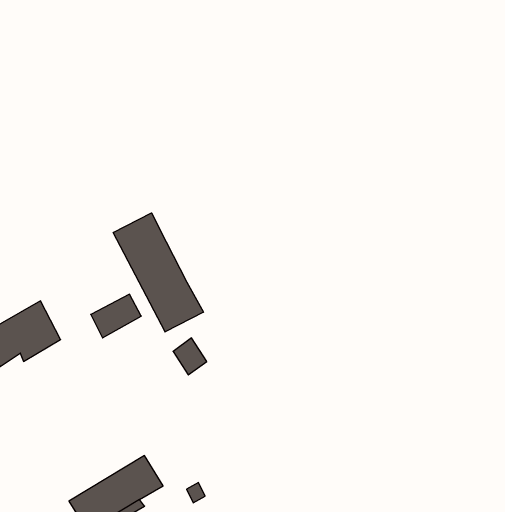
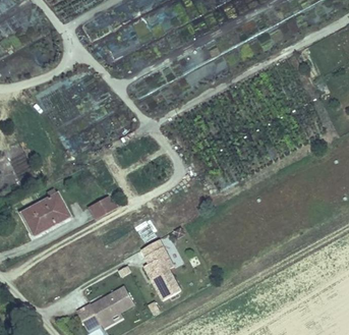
building: [113,213,203,332] -> none
building: none -> [142,245,179,299]

